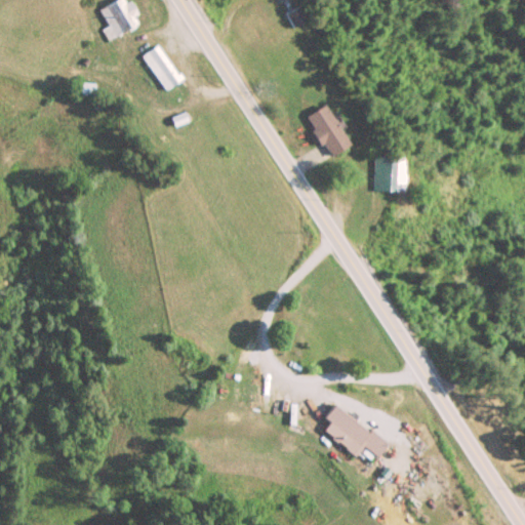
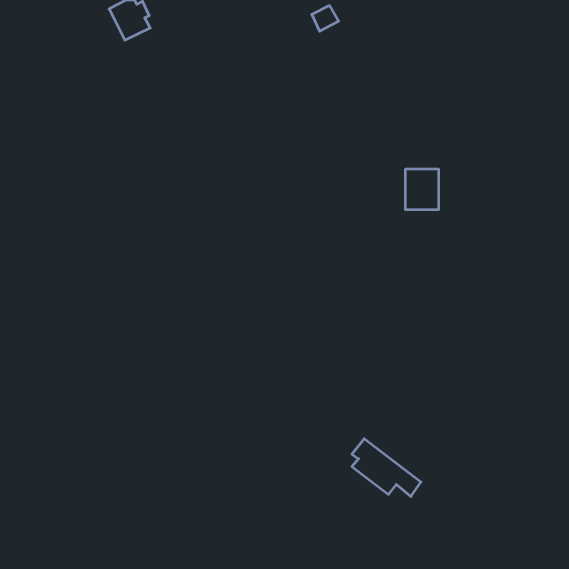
building: [142,45,181,91] -> none
building: [307,106,350,158] -> none

